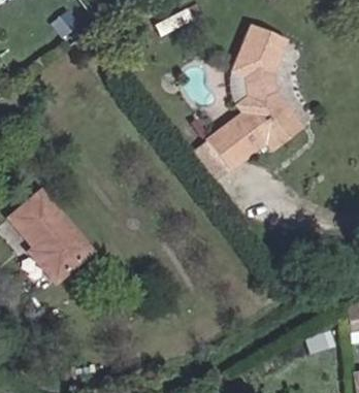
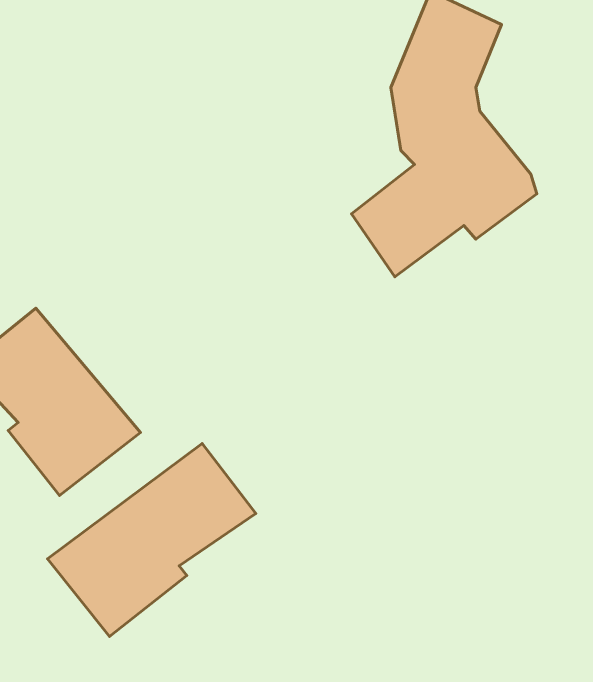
building: none -> [48,444,256,636]

